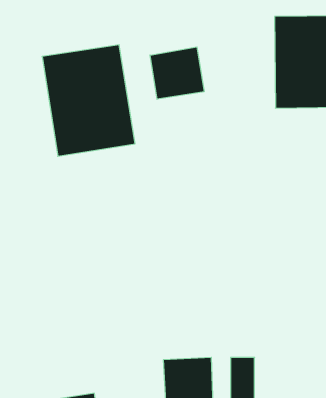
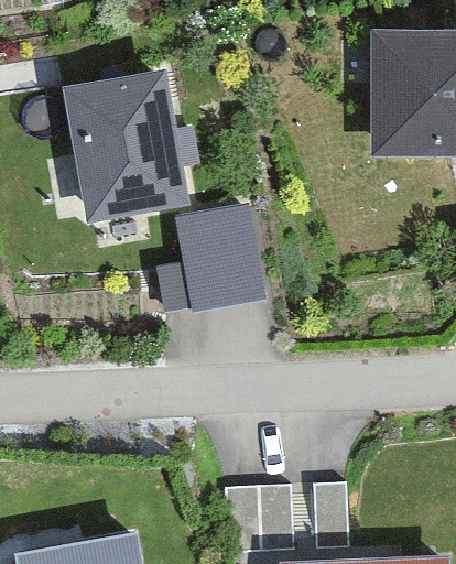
building: [150,47,204,99] -> none
building: none -> [173,206,263,310]

